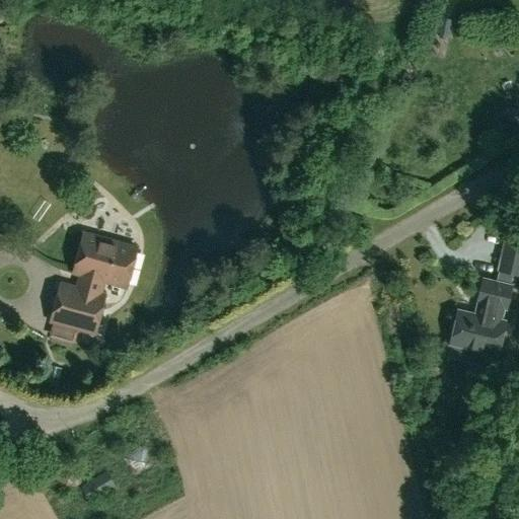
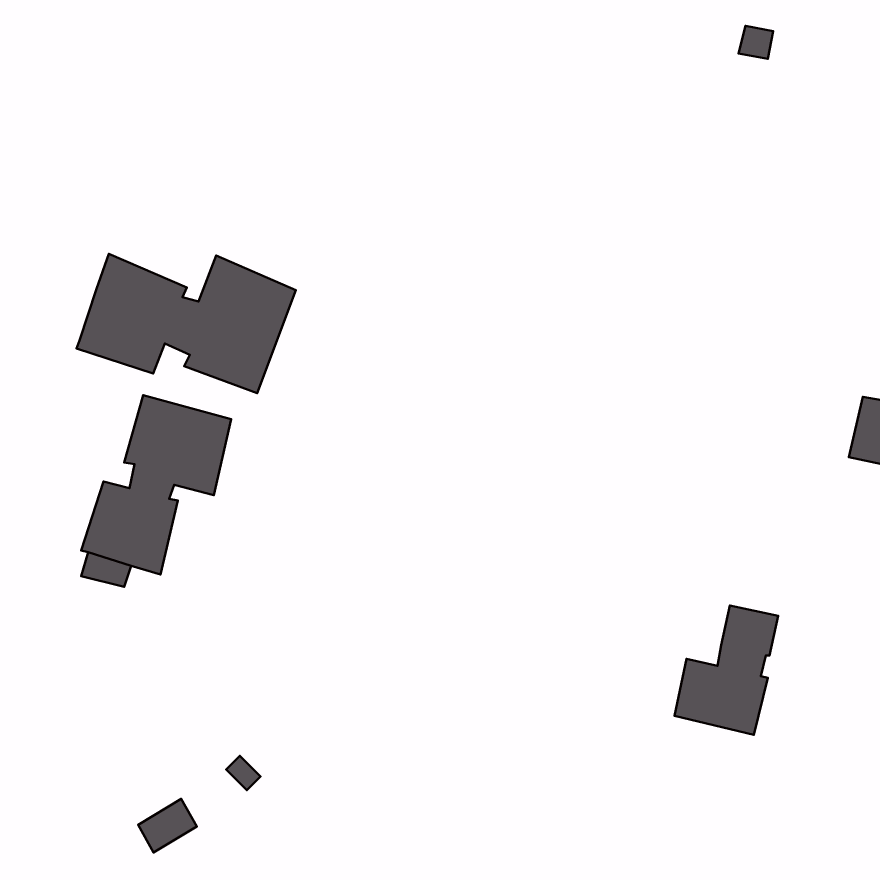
building: none -> [76,254,296,393]
building: [451,278,512,354] -> [674,605,778,735]

